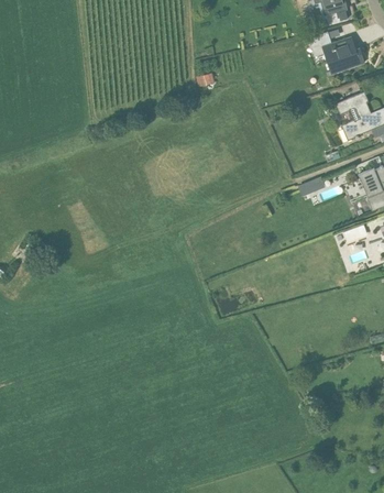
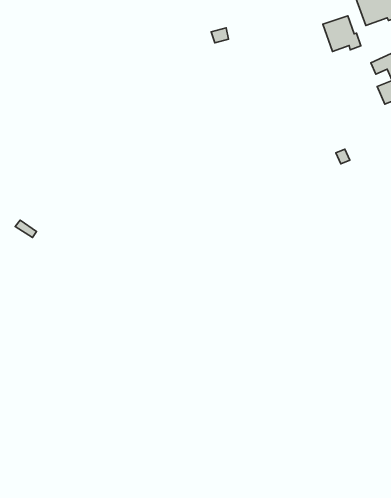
building: none -> [323,16,361,51]

